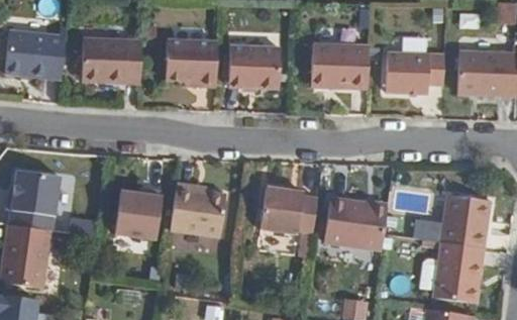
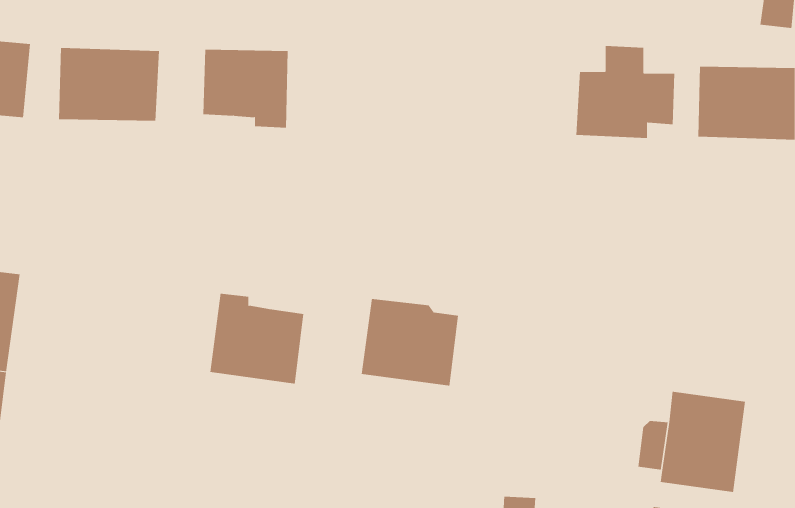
building: [229,42,280,87] -> none
building: [310,42,369,87] -> none
building: [115,189,164,237] -> none
building: [442,195,492,246] -> none
building: [324,199,388,250] -> none

